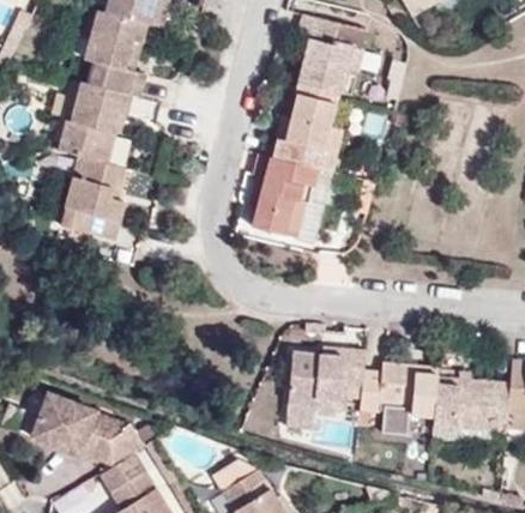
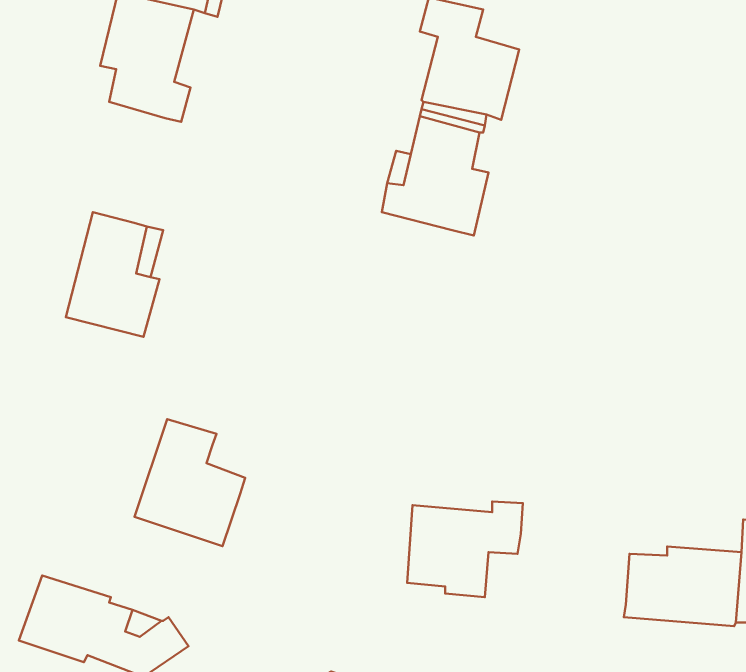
building: [59,82,127,164] -> none
building: [251,153,318,239] -> none
building: none -> [135,419,245,546]
building: [358,362,436,417] -> none

